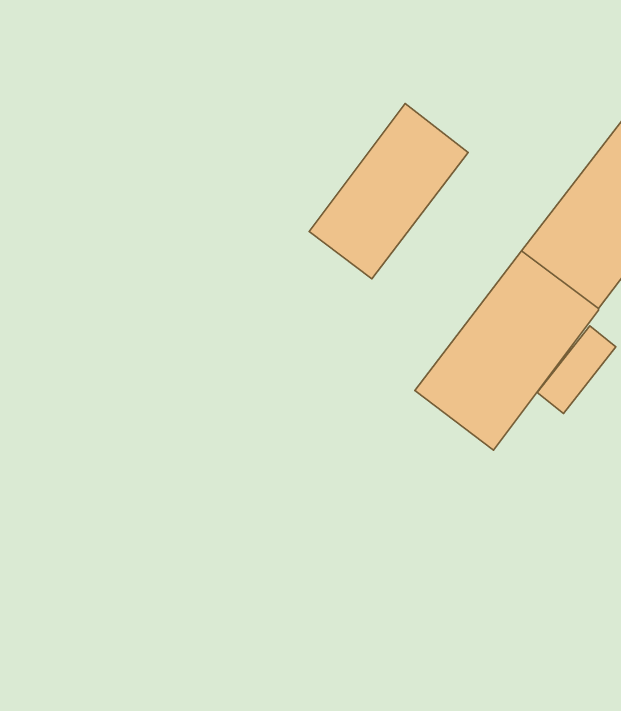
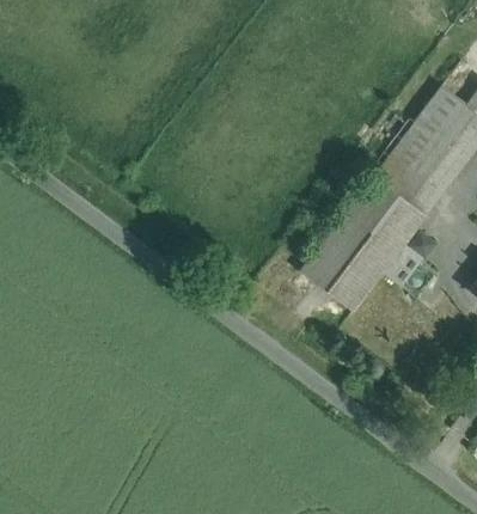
building: [309,103,468,279] -> none

